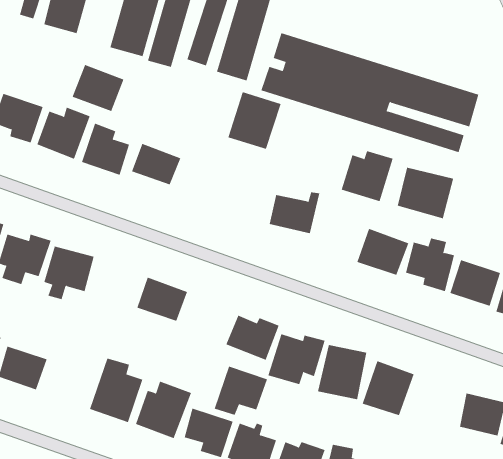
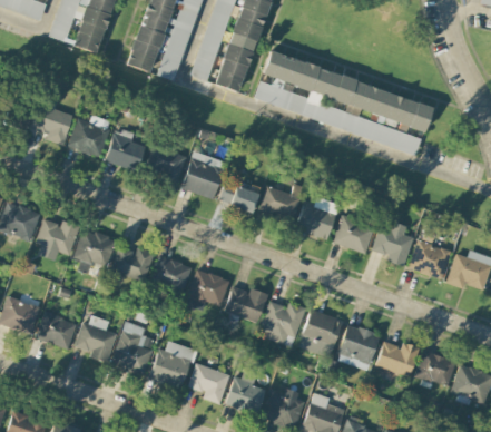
building: [72,64,124,112] -> none
building: [227,92,281,150] -> [180,151,225,199]
building: [341,151,394,202] -> [295,197,338,239]
building: [397,167,454,219] -> none
building: none -> [218,183,258,213]
building: none -> [110,246,155,283]
building: none -> [75,316,117,363]
building: [214,366,268,416] -> [185,269,229,311]
building: none -> [376,342,419,376]

